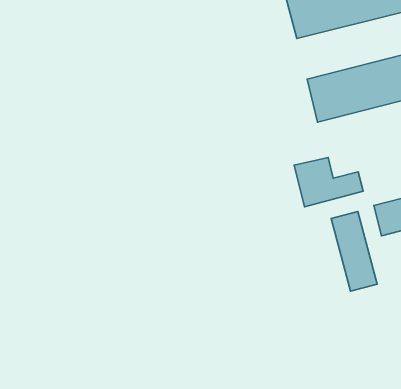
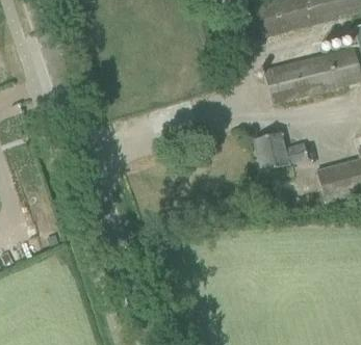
building: [331,211,377,291] -> none

